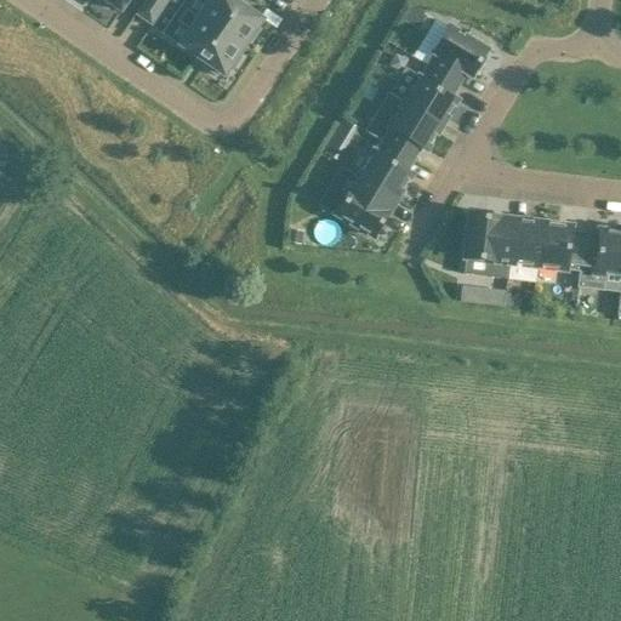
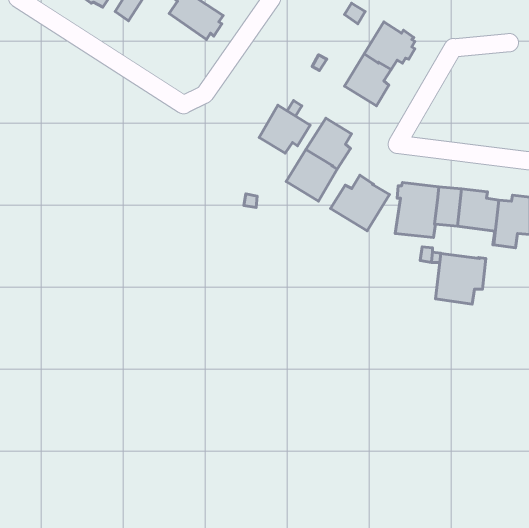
building: [178,8,243,75] -> none
building: [382,101,441,156] -> [259,105,310,153]
building: none -> [331,175,389,231]
building: none -> [436,253,486,304]

